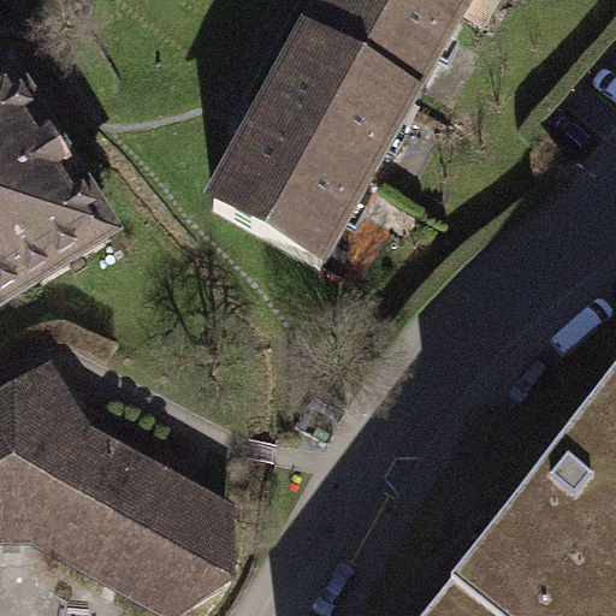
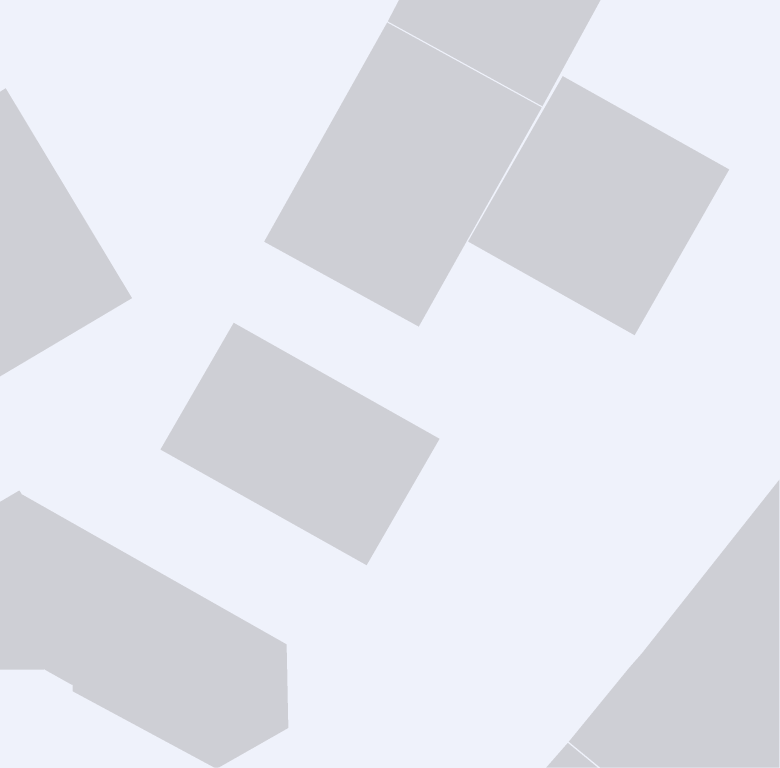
building: none -> [467,75,730,336]
building: none -> [160,322,441,566]

